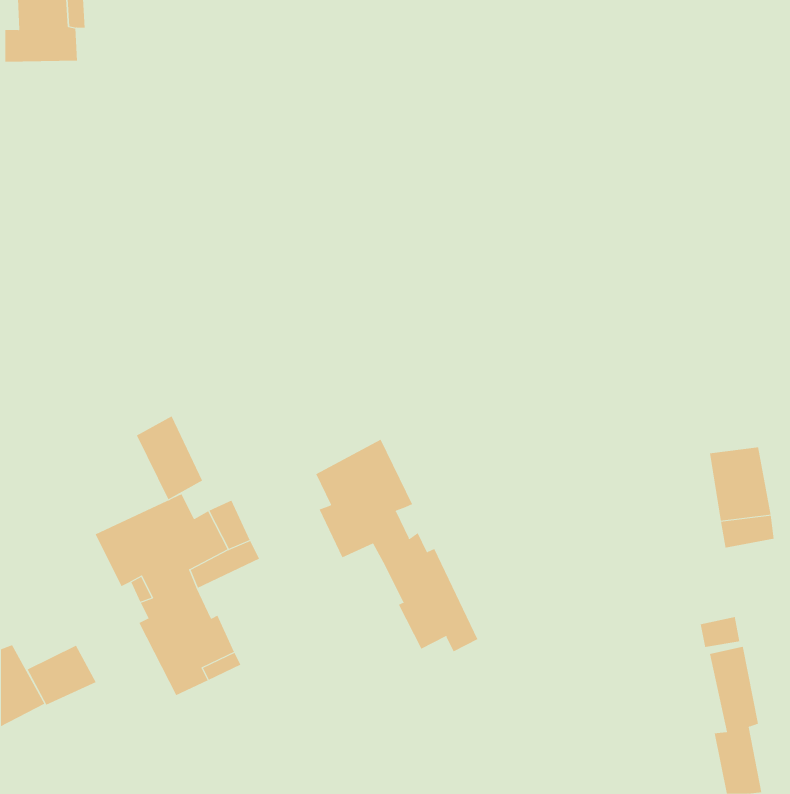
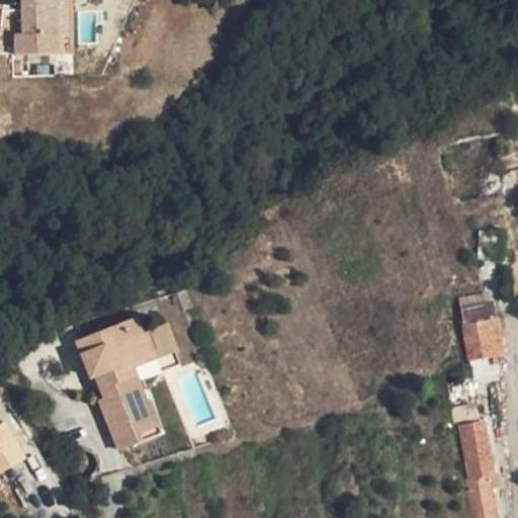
building: [136,415,203,500] -> none
building: [316,439,478,652] -> none
building: [27,645,96,706] -> none

